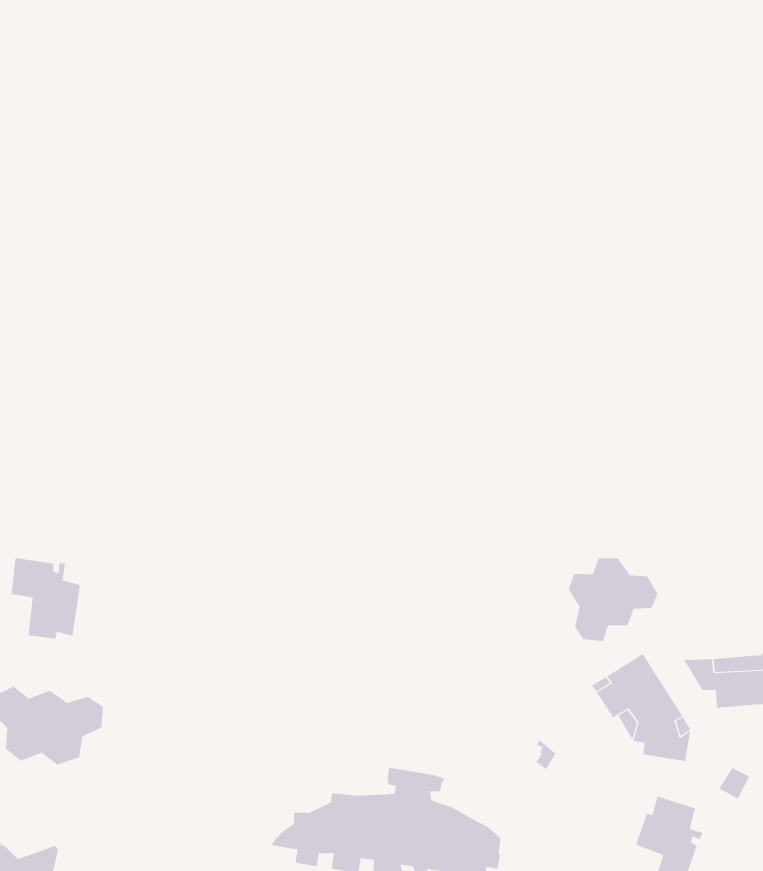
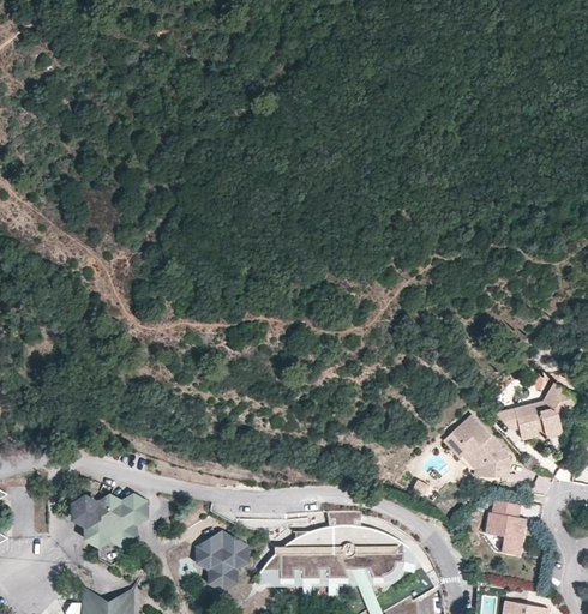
building: [11,557,80,640] -> none
building: [568,557,658,642] -> none
building: none -> [200,534,246,586]

